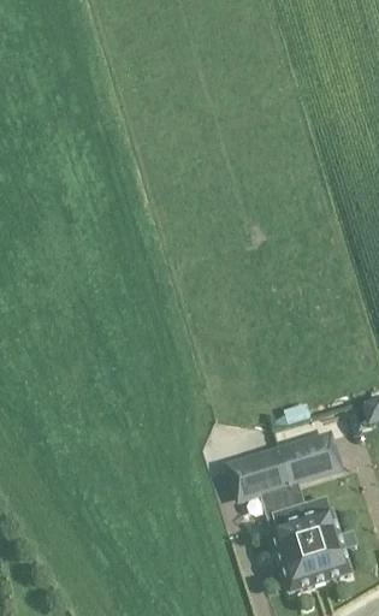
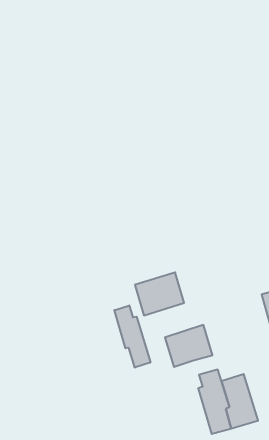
building: none -> [114,305,150,368]
building: [278,426,344,484] -> [135,272,184,315]

